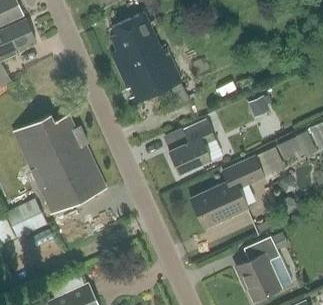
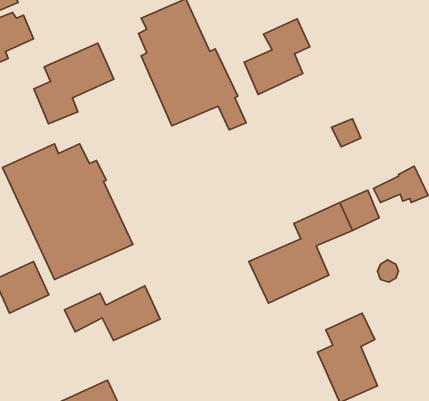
building: none -> [34,43,114,124]
building: [169,119,216,173] -> [244,19,310,94]
building: none -> [65,286,160,341]

